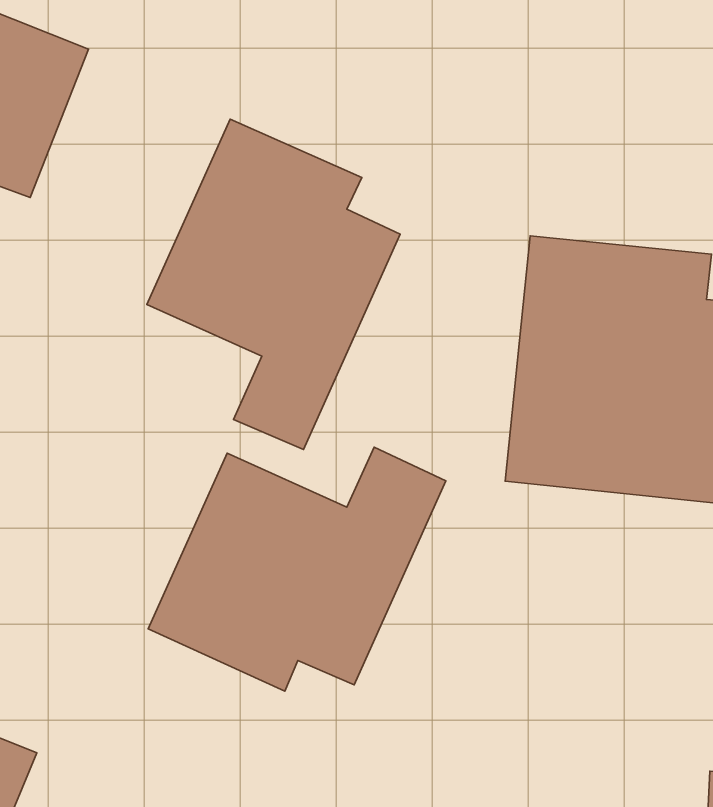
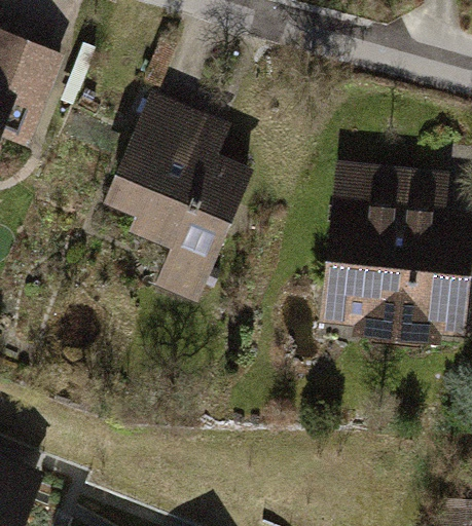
building: [148,447,446,691] -> none

